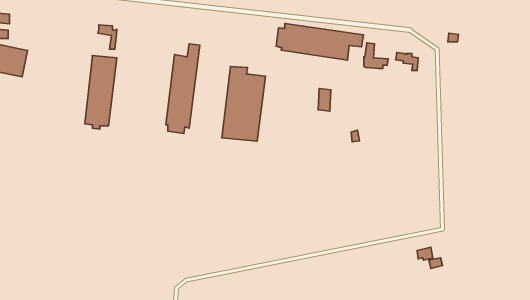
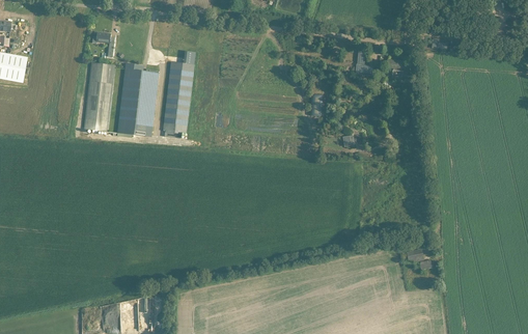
building: [276,24,363,60] -> none
building: [222,67,266,141] -> [116,62,159,135]

